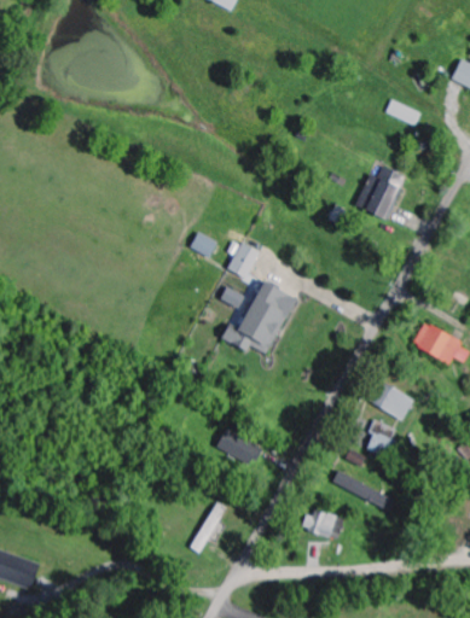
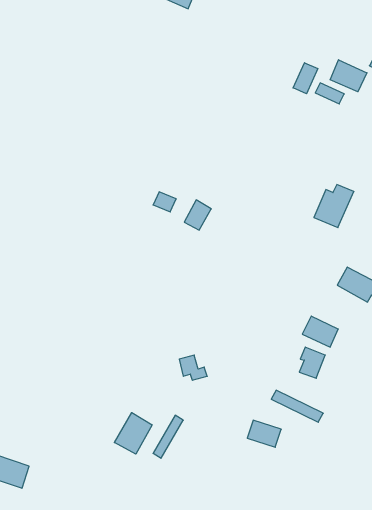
building: none -> [330,60,367,92]
building: none -> [293,63,318,94]
building: [355,168,404,220] -> [314,185,354,228]
building: [220,280,296,354] -> none
building: none -> [114,413,152,454]

